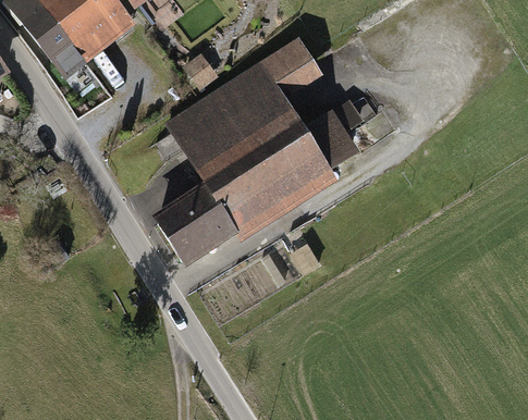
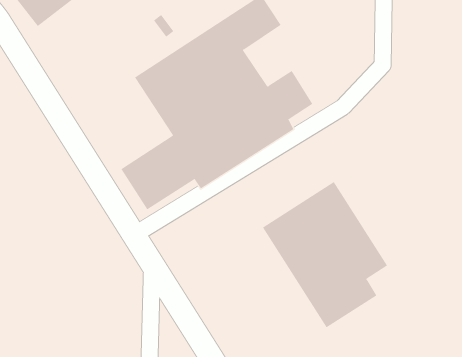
building: none -> [262,181,388,328]

